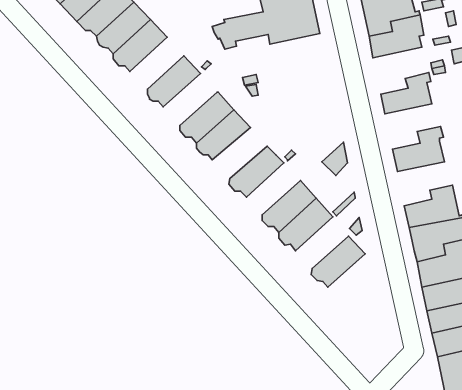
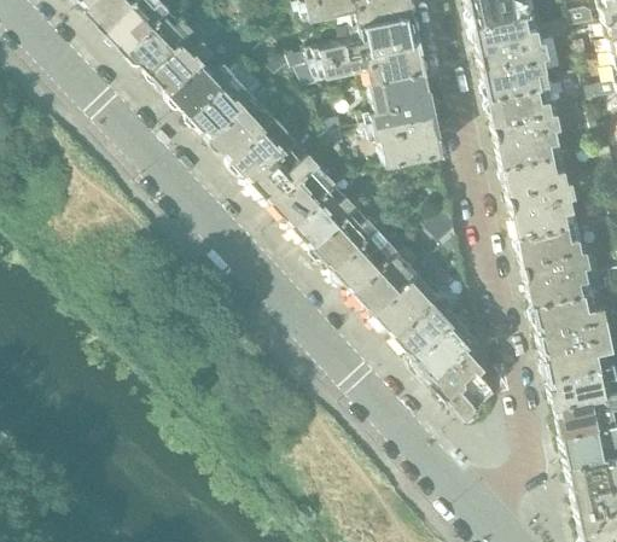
building: none -> [359,66,441,164]
building: none -> [188,71,255,135]
building: none -> [488,83,557,141]
building: none -> [229,109,327,180]
building: none -> [502,153,571,209]
building: none -> [290,182,357,245]
building: none -> [518,225,586,279]
building: none -> [332,226,398,290]
building: none -> [392,292,459,356]
building: none -> [429,336,491,419]

